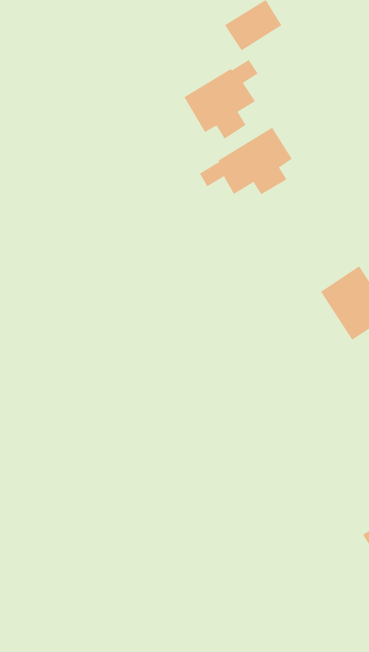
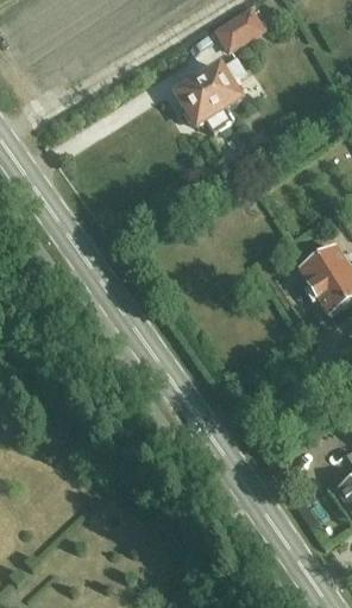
building: [199,127,293,195] -> none

